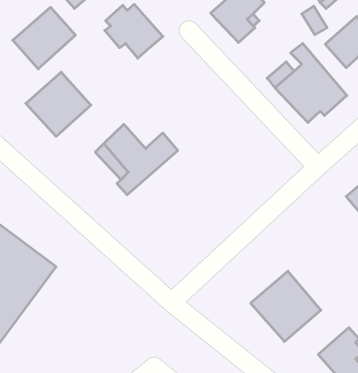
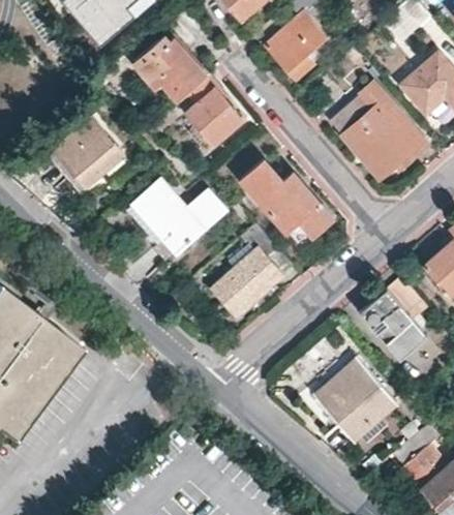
building: [13,7,75,69] -> none
building: none -> [187,75,243,143]
building: none -> [241,159,334,248]
building: none -> [211,224,293,316]
building: none -> [360,287,429,359]

